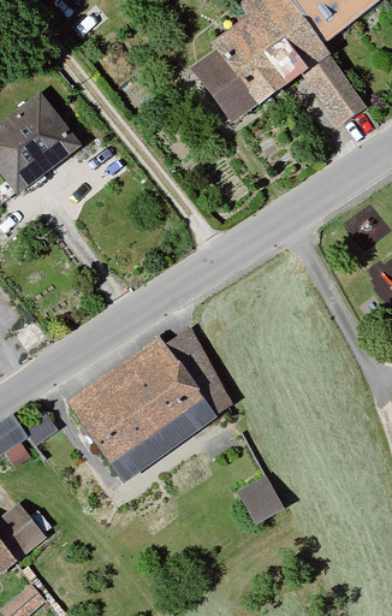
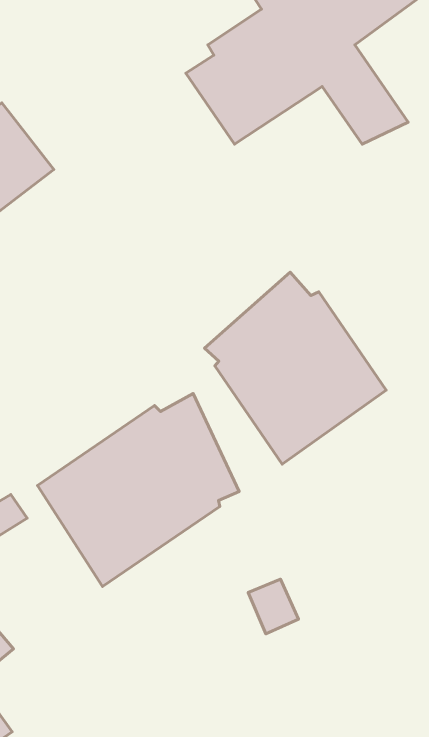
building: none -> [205,272,386,464]

